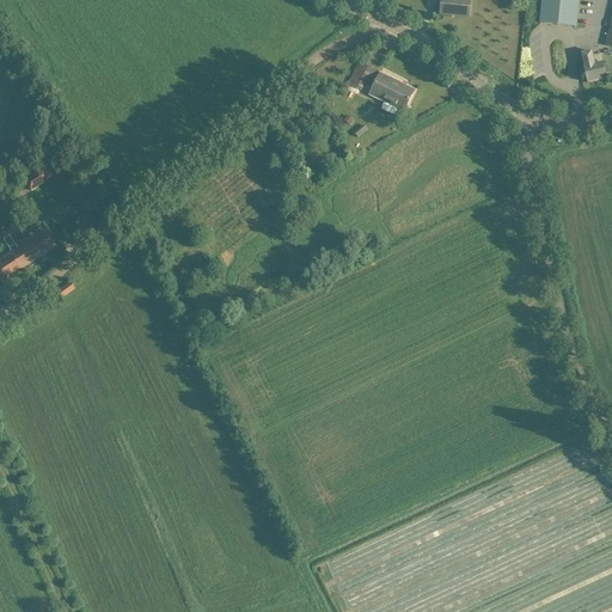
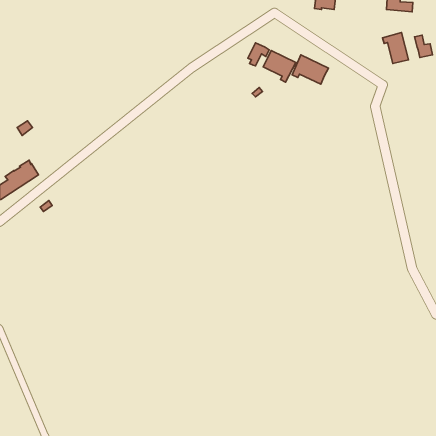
building: none -> [383,32,408,64]
building: none -> [292,55,329,84]

